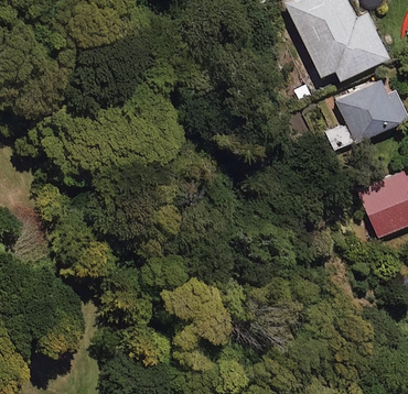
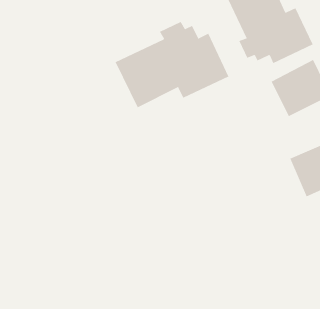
building: none -> [115,21,229,108]

